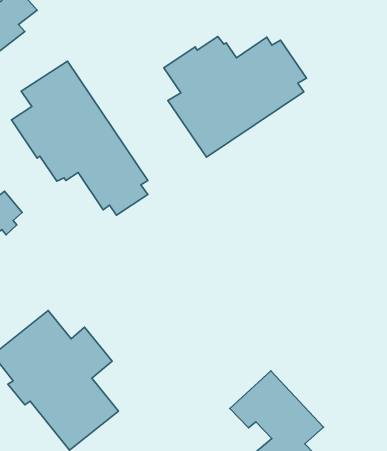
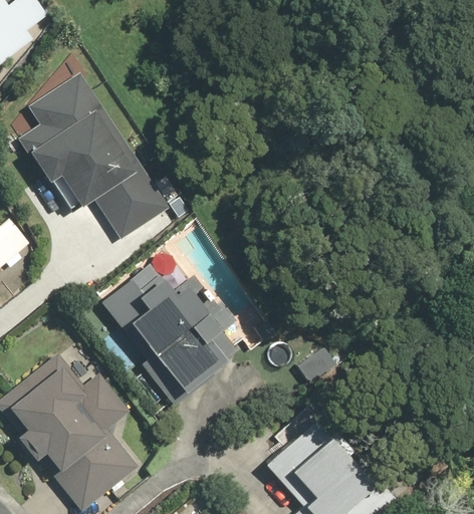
building: [164,37,306,157] -> none
building: none -> [100,263,236,391]

